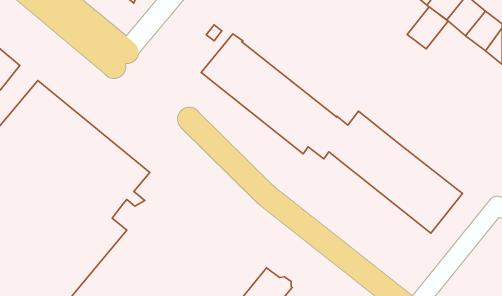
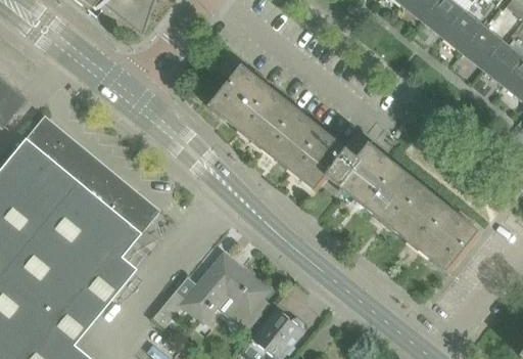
building: [407,7,448,49] -> none
building: none -> [154,256,270,332]

